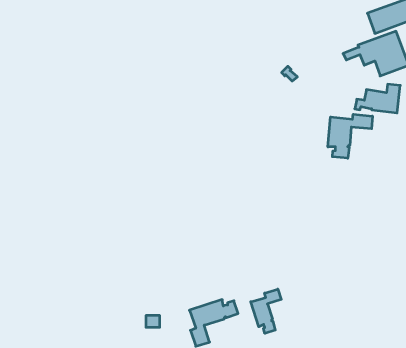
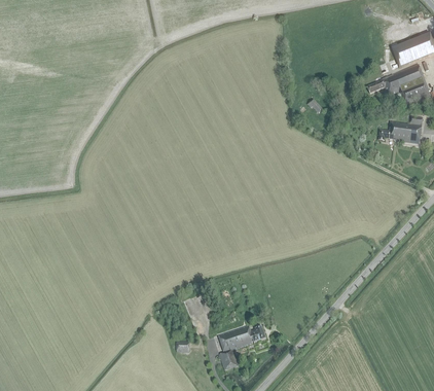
building: [328,114,372,158] -> none
building: [251,289,281,333] -> none

